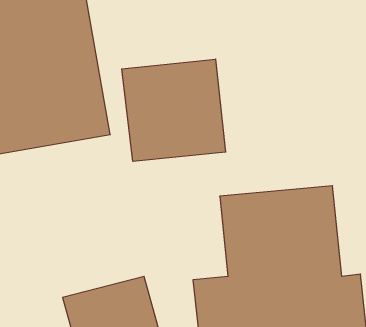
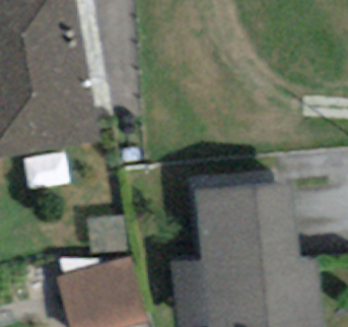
building: [122,59,226,161] -> none

